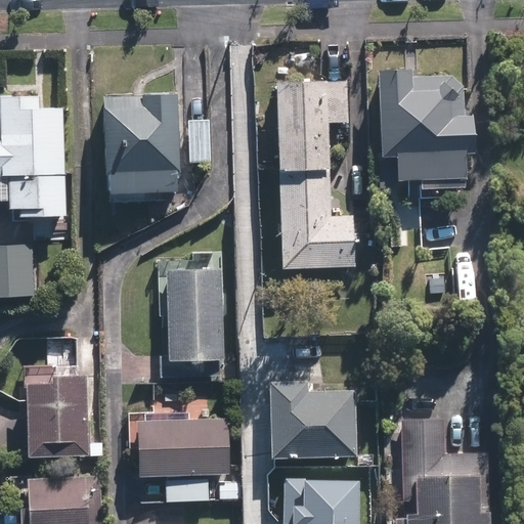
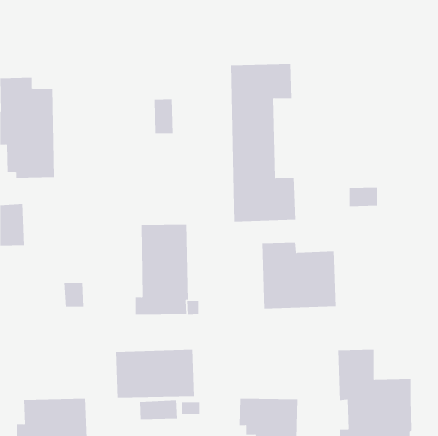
building: [378,70,474,181] -> none
building: [101,91,180,192] -> none
building: [27,377,90,458] -> none
building: [269,381,358,461] -> [262,242,336,309]

